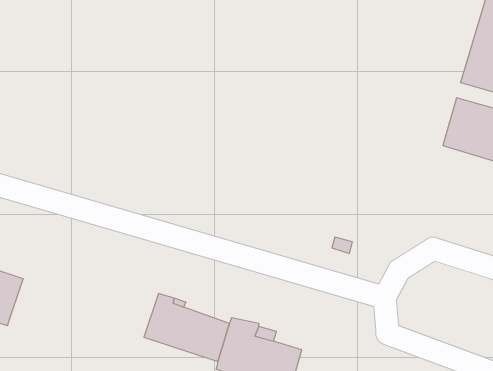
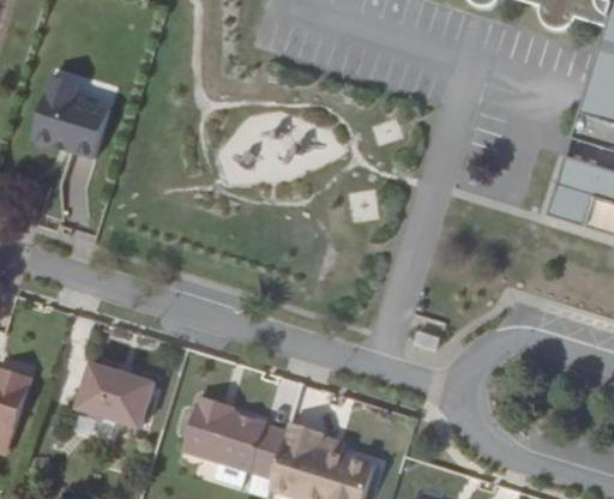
building: none -> [35,78,110,162]
building: none -> [77,362,154,427]

